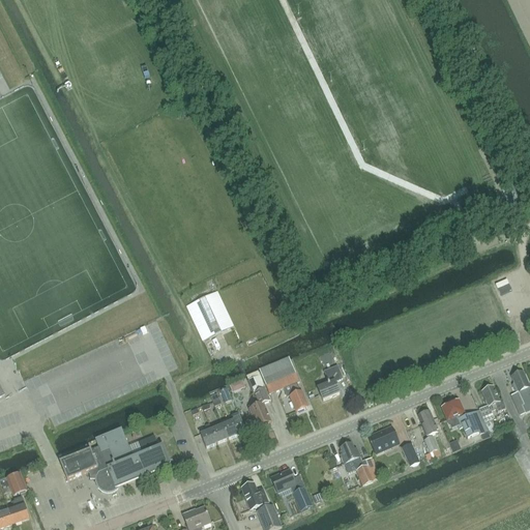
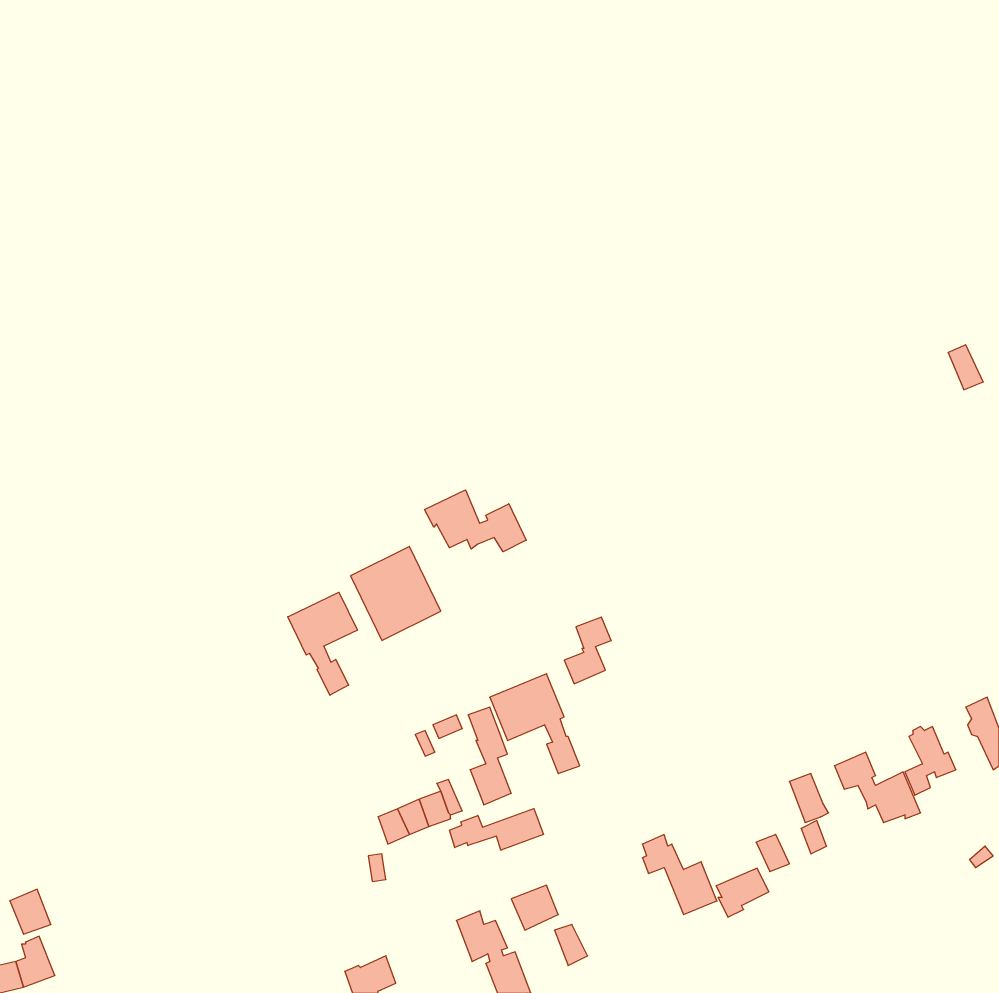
building: none -> [425,490,526,552]
building: none -> [288,592,357,695]
building: [317,363,342,399] -> [564,617,611,684]
building: [369,425,396,451] -> [716,868,769,917]
building: [59,426,170,490] -> none
building: none -> [450,809,543,850]

